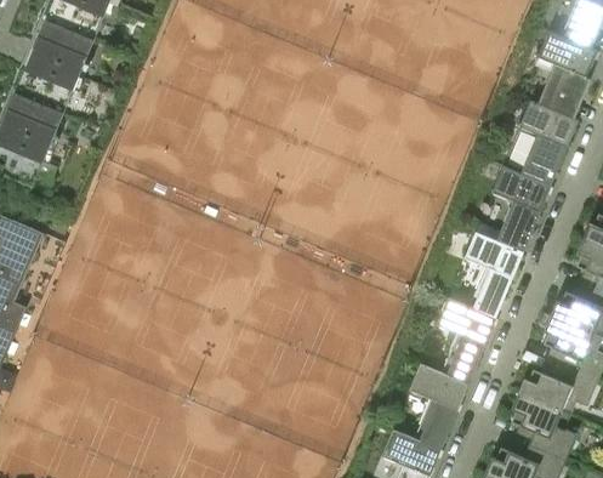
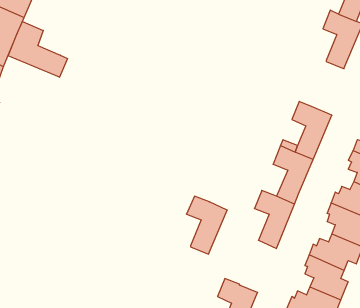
building: none -> [8,21,68,77]
building: [518,101,578,187] -> none
building: [408,364,468,450] -> [186,196,227,254]

